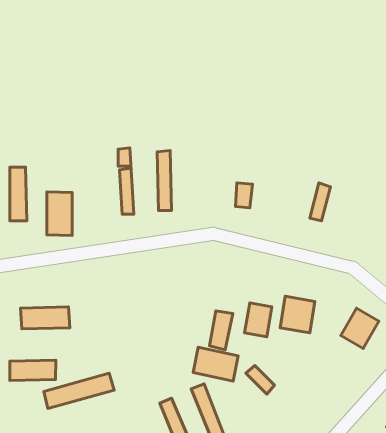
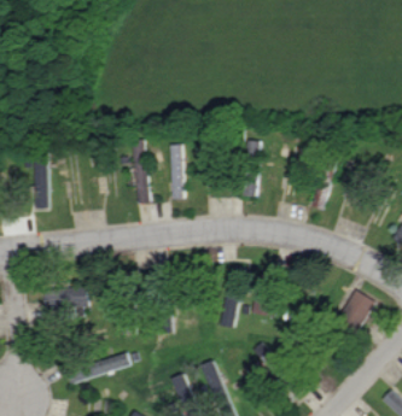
building: [47,192,72,235] -> none
building: [280,296,315,333] -> none
building: [193,347,238,381] -> none
building: [10,360,56,381] -> none

